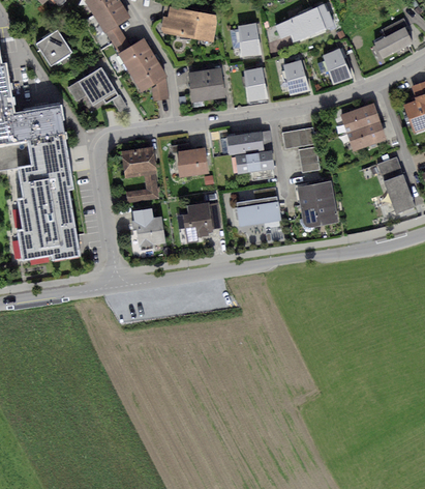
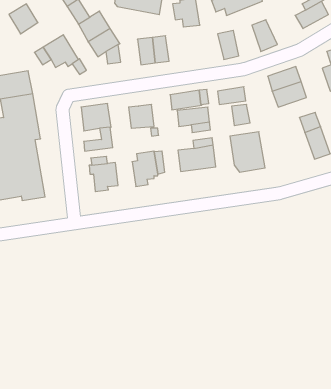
building: [243,67,266,103] -> none

